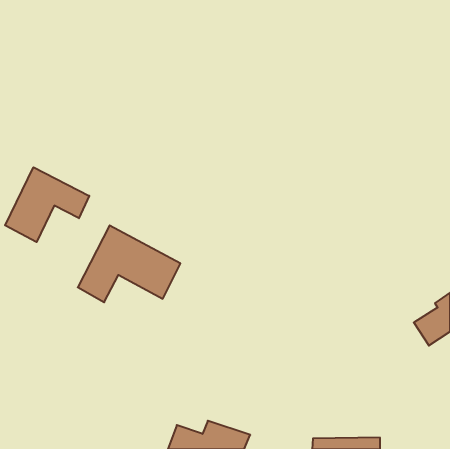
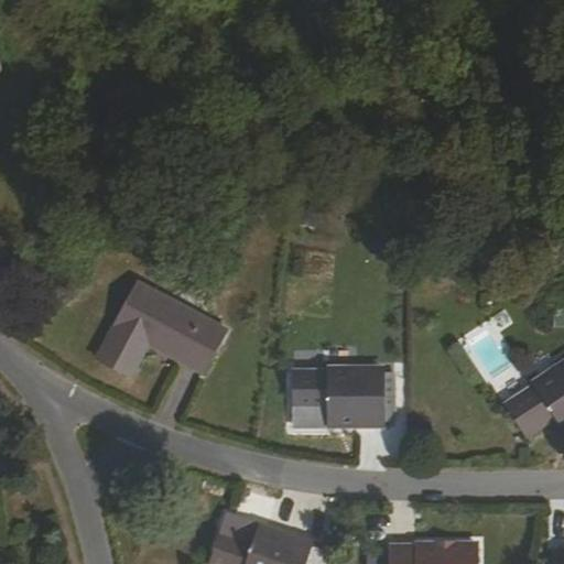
building: [5,167,89,242] -> none
building: none -> [293,368,382,424]

